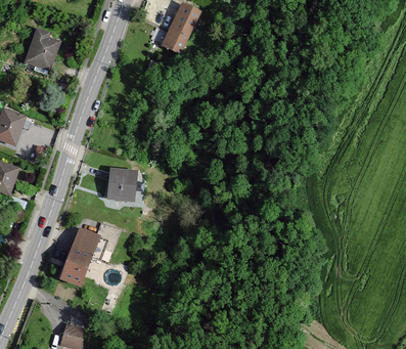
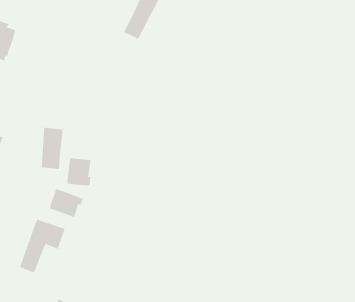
building: none -> [41,127,63,170]
building: none -> [49,188,83,218]

